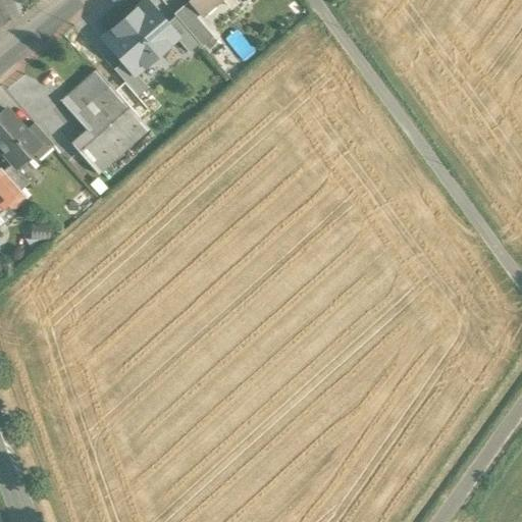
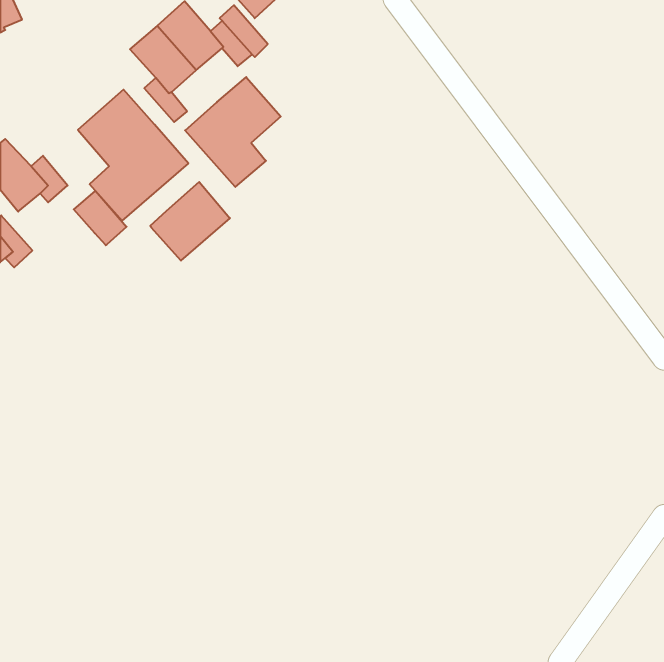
building: none -> [185,77,281,187]
building: none -> [150,182,230,261]
building: none -> [74,191,127,245]

